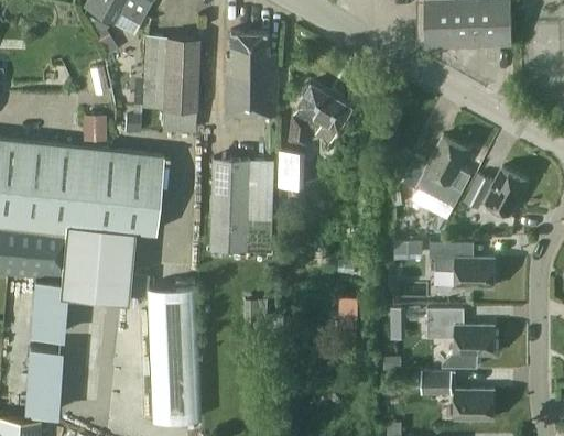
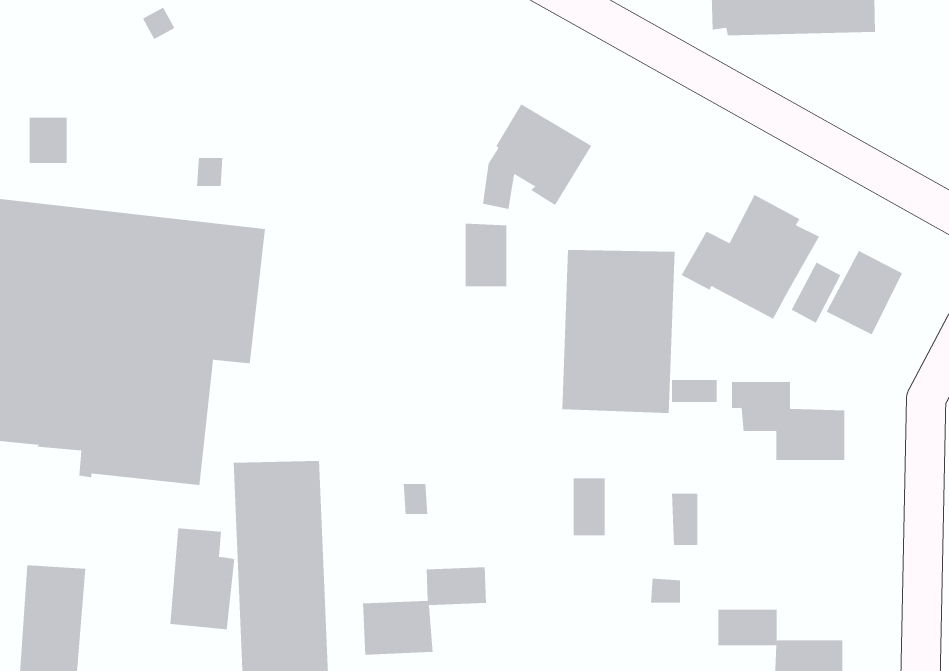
building: [225,34,276,117] -> none
building: [142,37,199,132] -> none
building: [83,116,105,142] -> [29,117,67,163]
building: [208,159,273,252] -> [561,249,675,413]
building: [29,281,66,339] -> [170,528,235,630]
building: [427,309,495,370] -> none
building: none -> [363,566,487,655]

